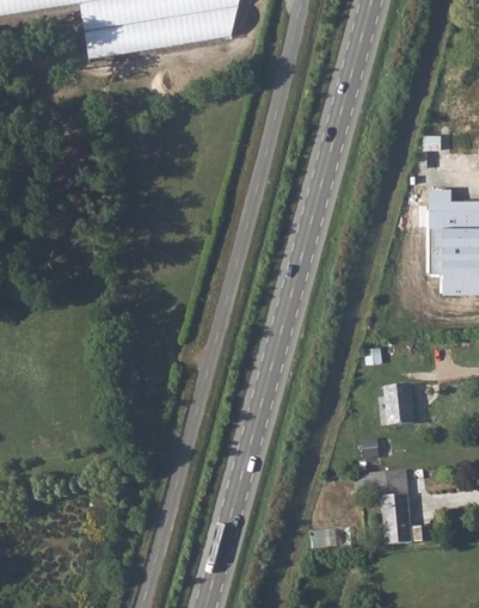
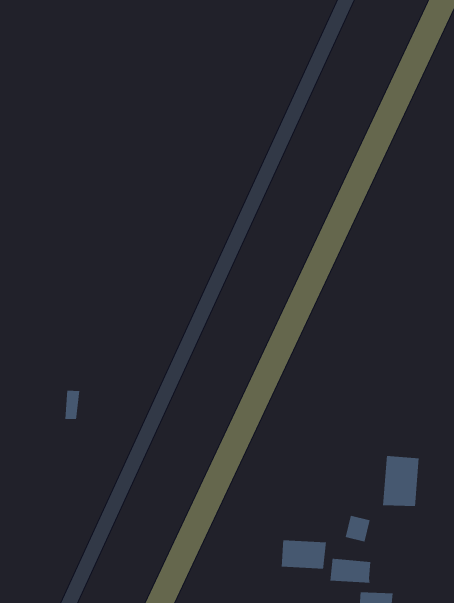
building: none -> [281,539,326,570]

